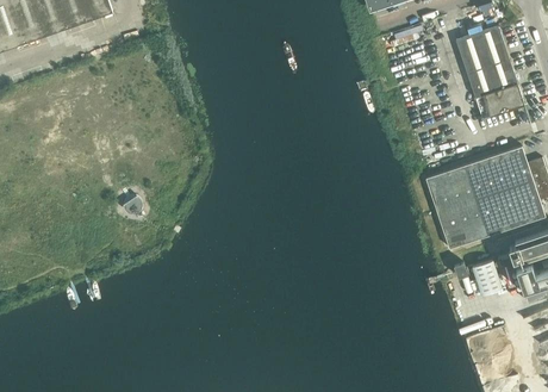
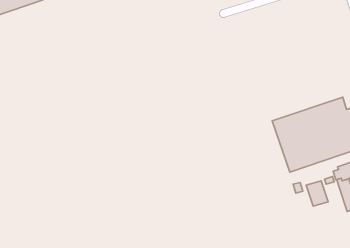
building: [456,25,525,119] -> none

